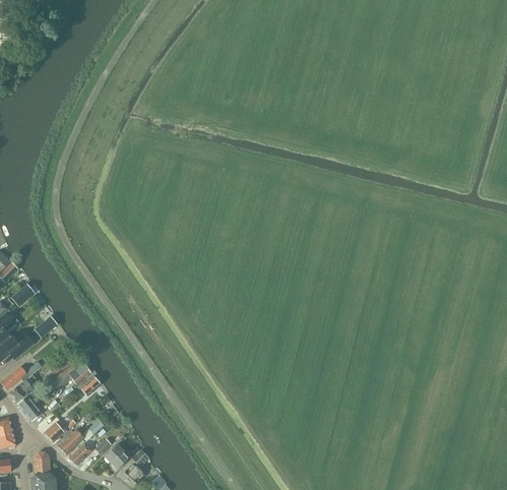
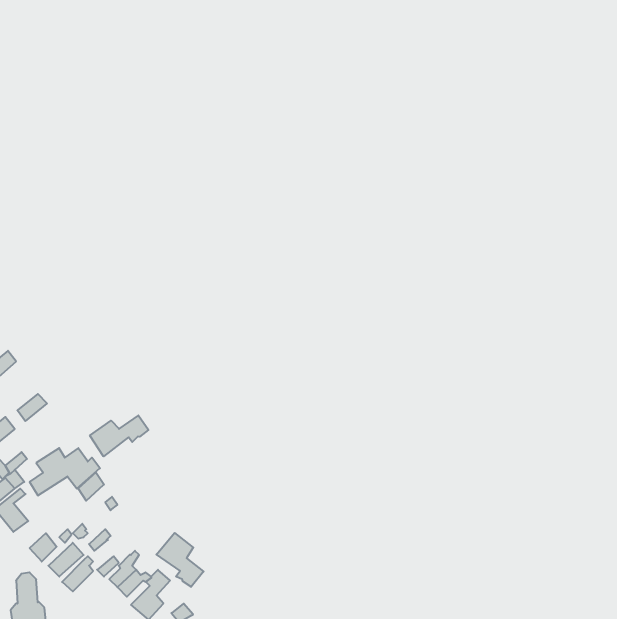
building: none -> [90,415,148,456]
building: none -> [156,533,204,587]

